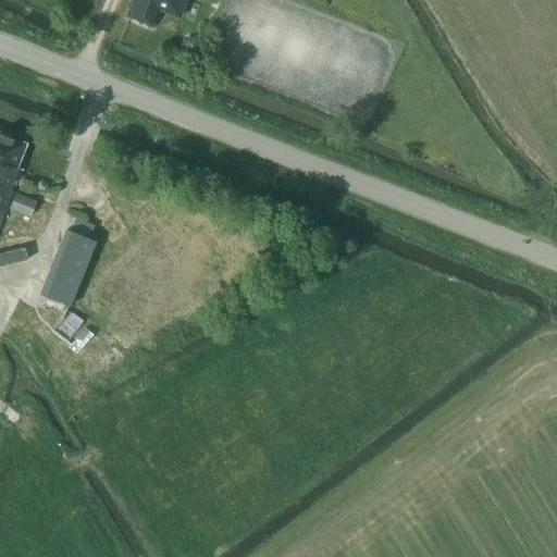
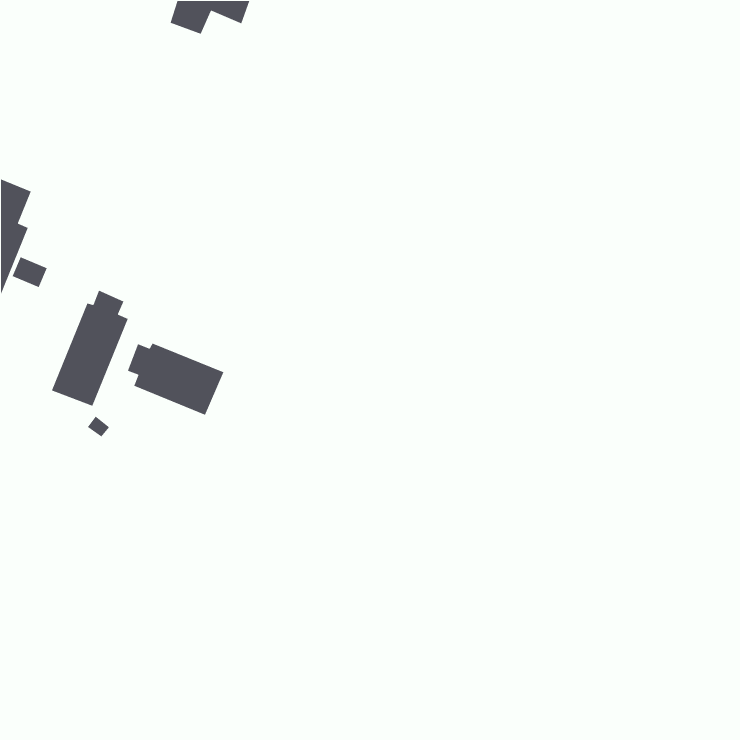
building: none -> [127,342,224,416]

